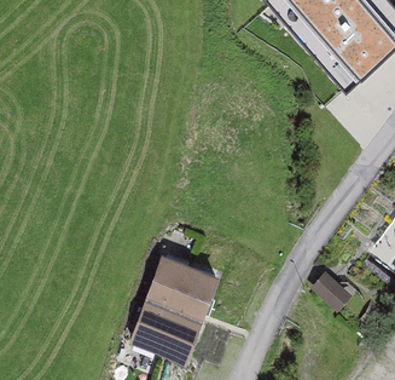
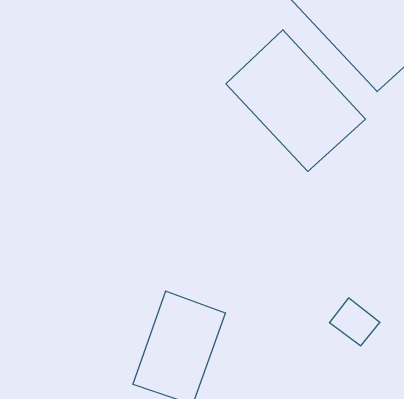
building: none -> [226,30,366,171]

